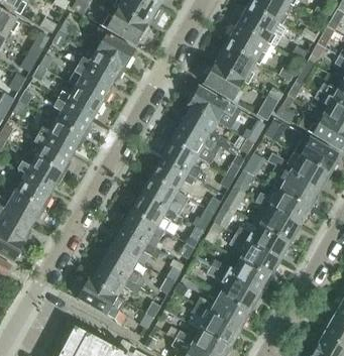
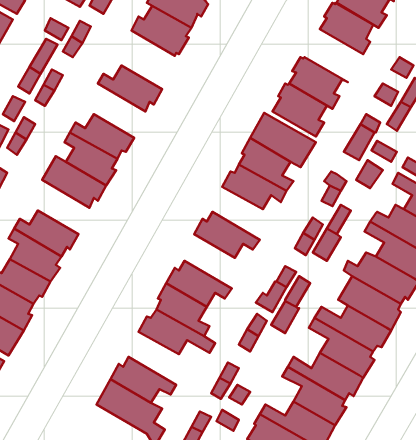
building: [228,24,270,63] -> none
building: [94,28,135,68] -> none
building: [74,64,113,103] -> none
building: [28,133,73,172] -> none
building: [161,138,200,176] -> none
building: [141,172,180,212] -> none
building: [101,243,139,281] -> none

